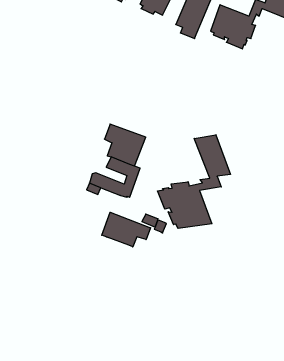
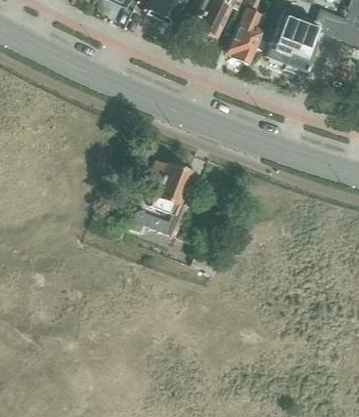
building: [158,135,230,228] -> none
building: [102,212,151,247] -> none

